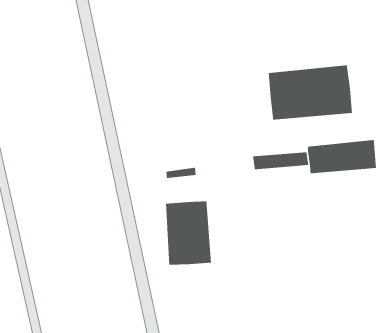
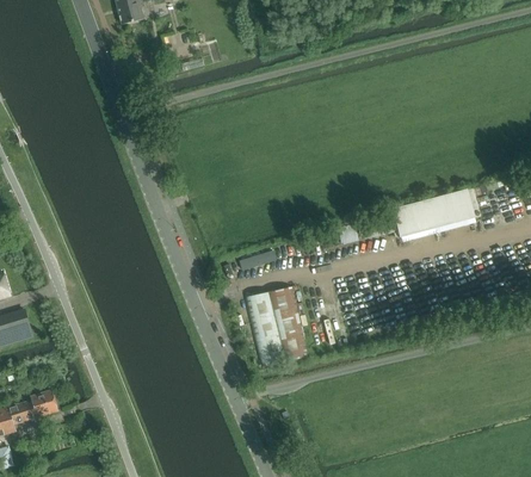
building: [268,65,353,121] -> none

